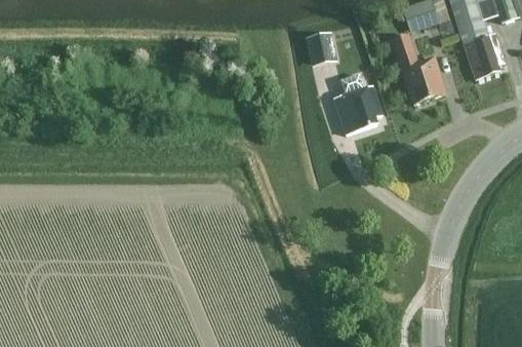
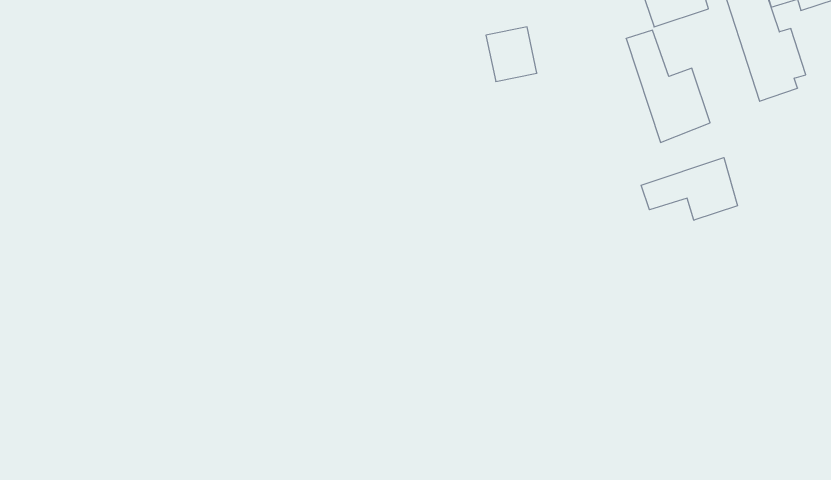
building: [333,84,380,133] -> none
building: none -> [641,158,737,220]

